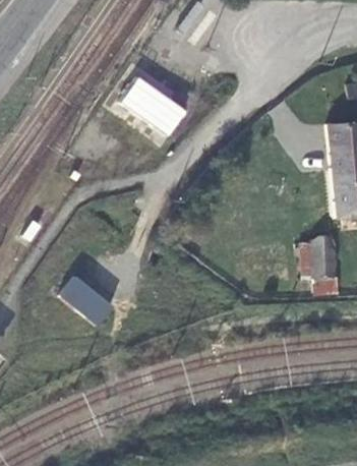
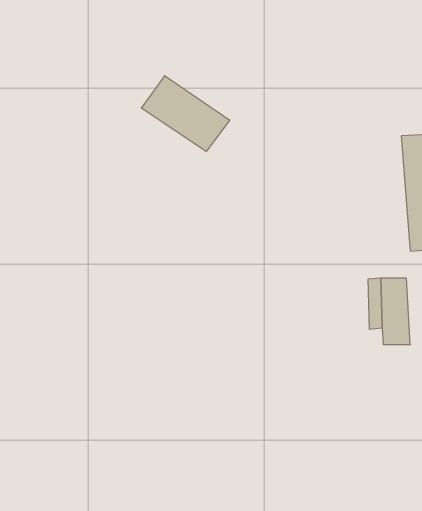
building: [59,277,110,326] -> none

